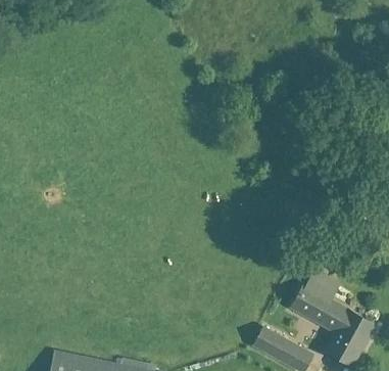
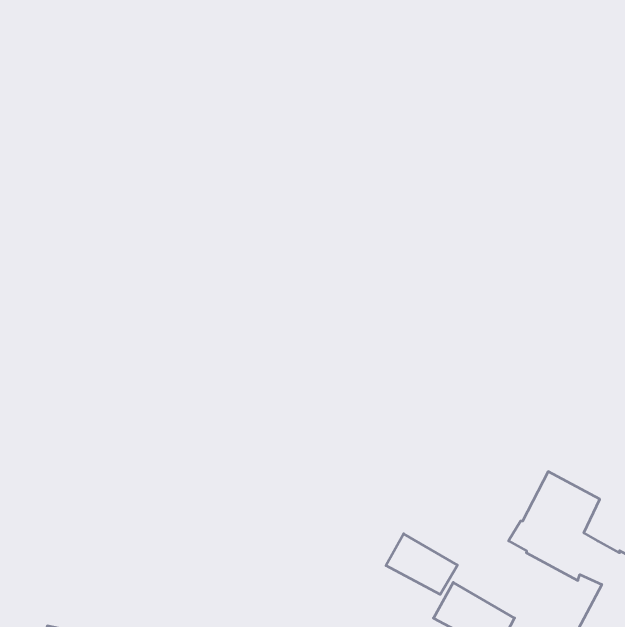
building: none -> [386,534,457,594]

